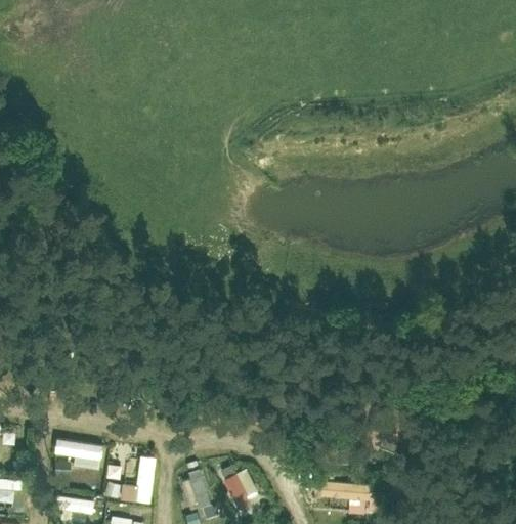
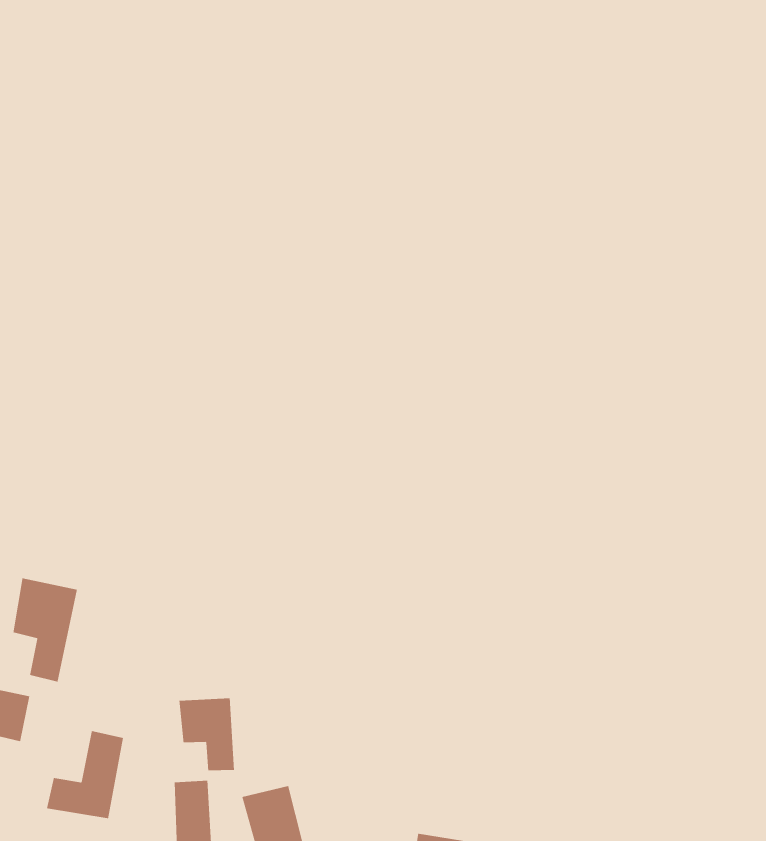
building: none -> [13,577,77,682]
building: none -> [179,697,234,771]

